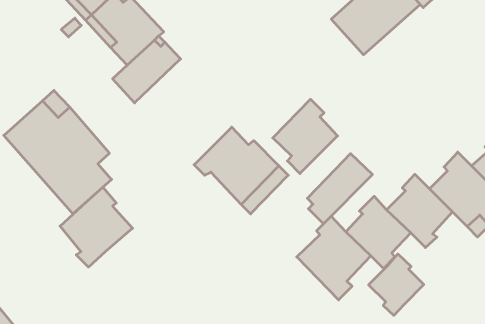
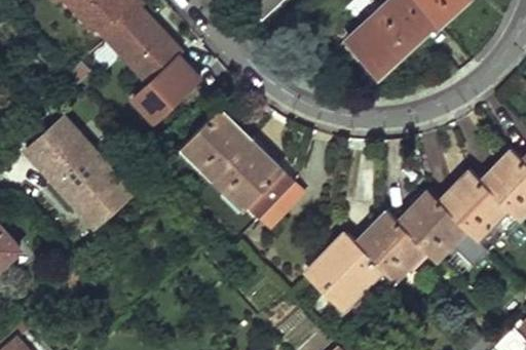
building: [273,99,338,174] -> [184,109,248,182]
building: [307,154,372,224] -> none
building: [60,187,133,267] -> none
building: [369,254,424,315] -> none

